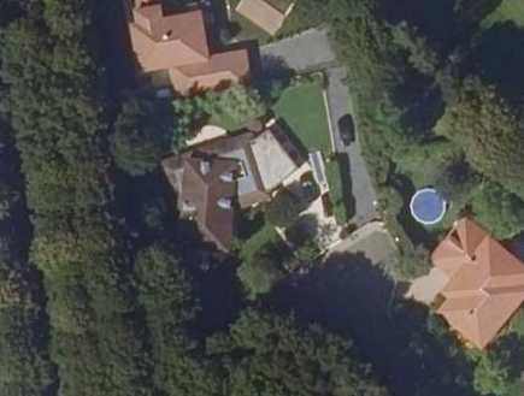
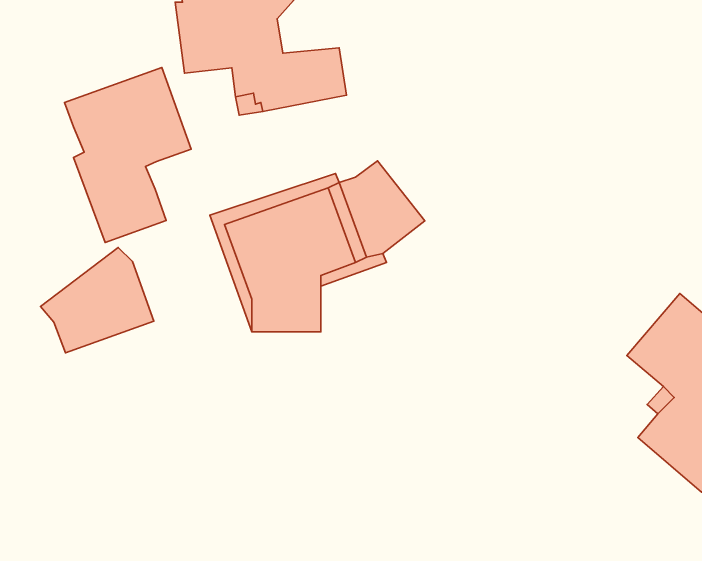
building: none -> [64,67,191,242]
building: none -> [41,248,154,353]

